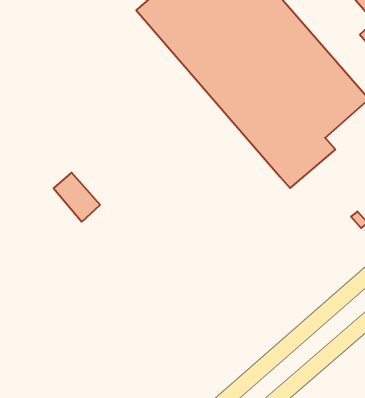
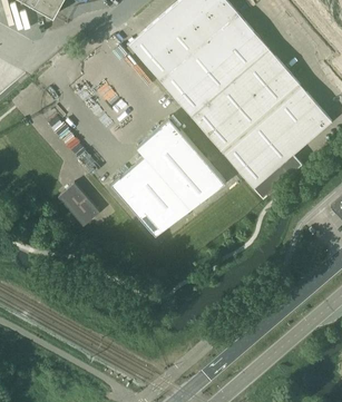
building: none -> [111,118,225,235]

